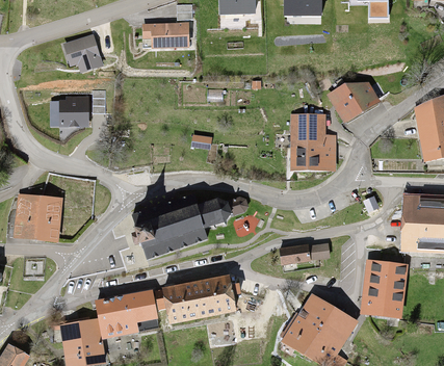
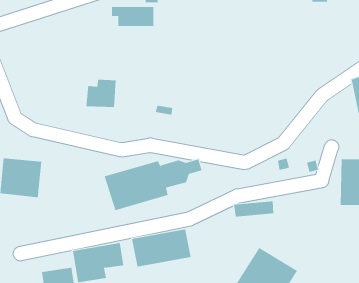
building: [60,34,100,68] -> none
building: [329,83,381,120] -> none
building: [57,94,93,126] -> [86,79,117,107]
building: [289,114,336,171] -> none
building: [363,261,407,314] -> none

